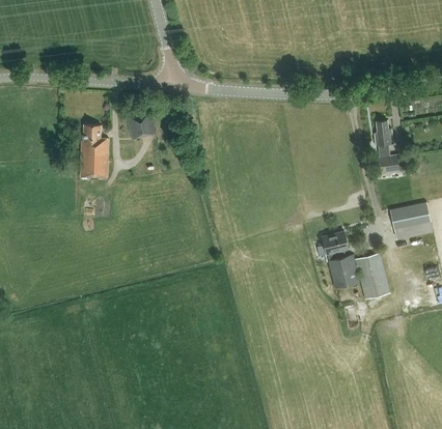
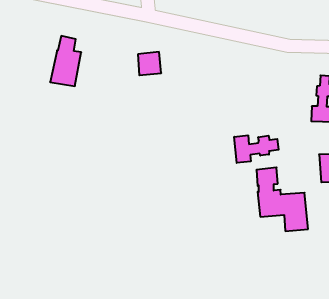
building: [127,110,156,139] -> [138,52,161,75]
building: none -> [234,135,279,163]

